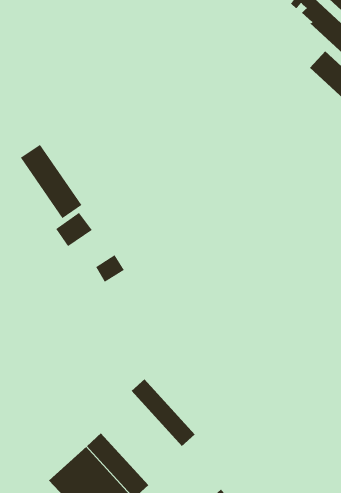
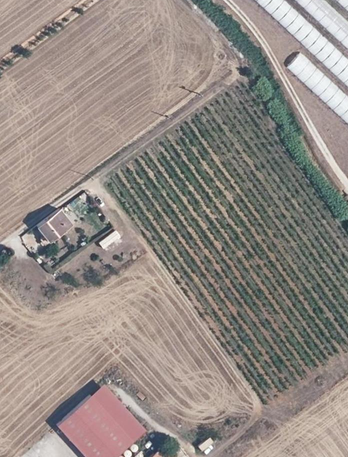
building: [20,144,82,219] -> none
building: none -> [37,208,72,242]
building: [131,379,196,447] -> none

